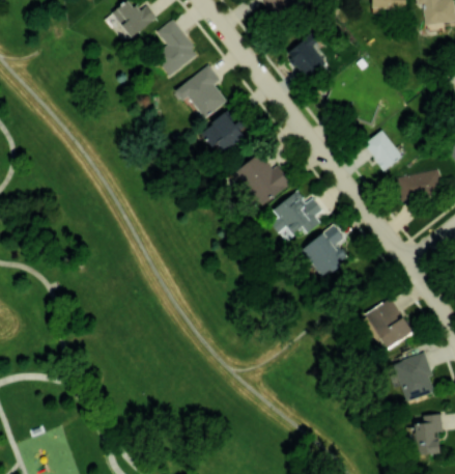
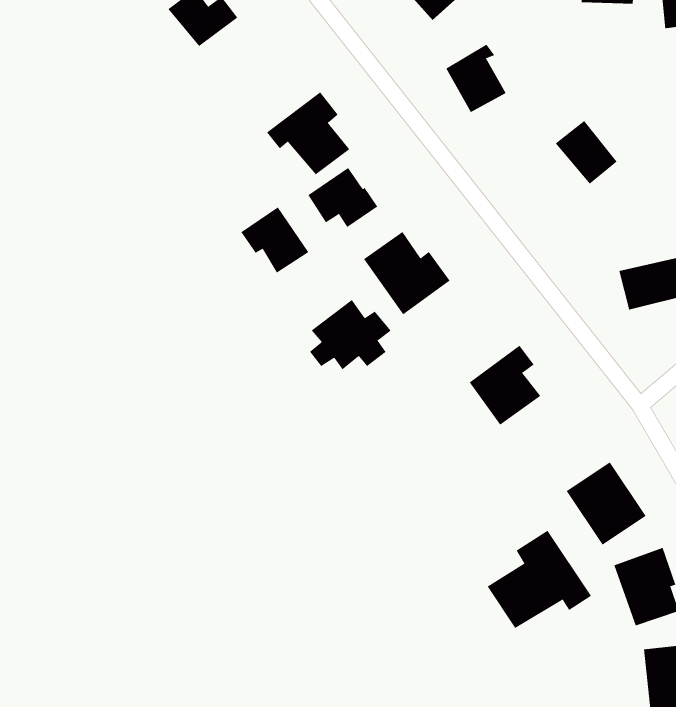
building: [154,19,199,76] -> none
building: [363,130,402,170] -> [555,120,617,184]
building: none -> [241,206,309,274]
building: [271,190,322,234] -> [309,299,392,370]
building: none -> [487,530,592,629]

